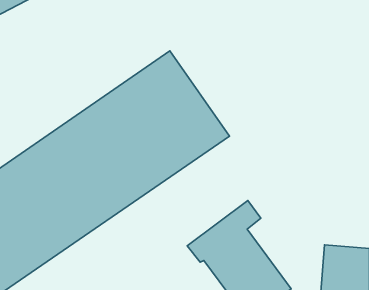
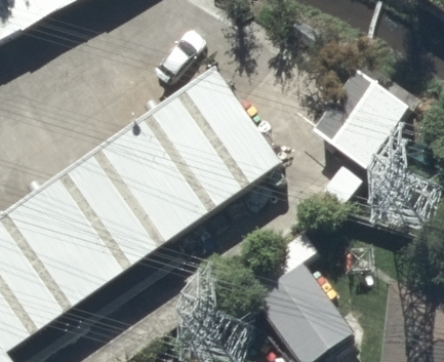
building: none -> [301,68,409,167]

